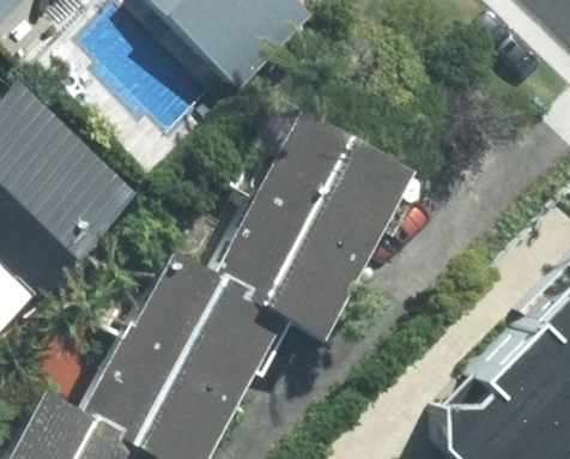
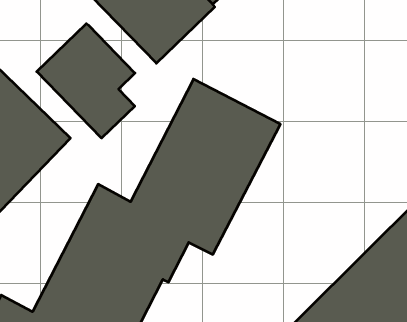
building: none -> [37,24,135,138]

